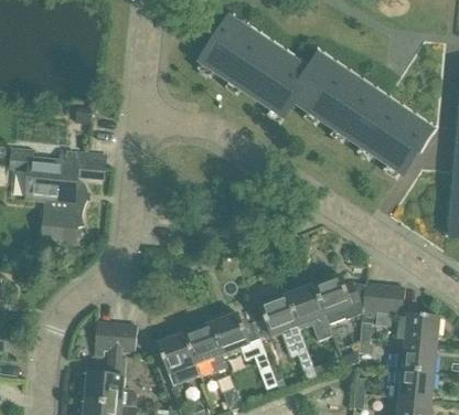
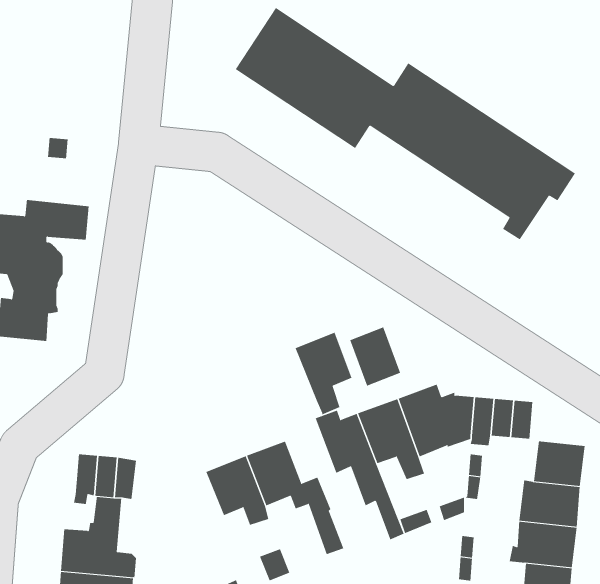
building: none -> [350,326,401,387]
building: none -> [295,332,352,416]
building: [157,333,200,384] -> none

